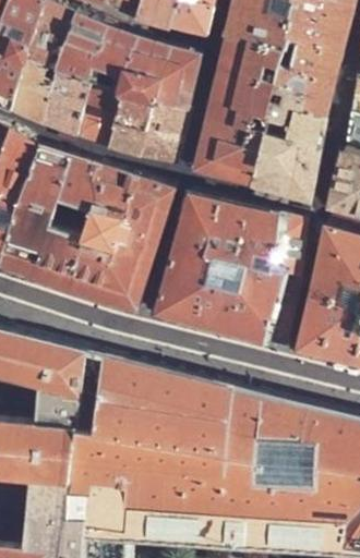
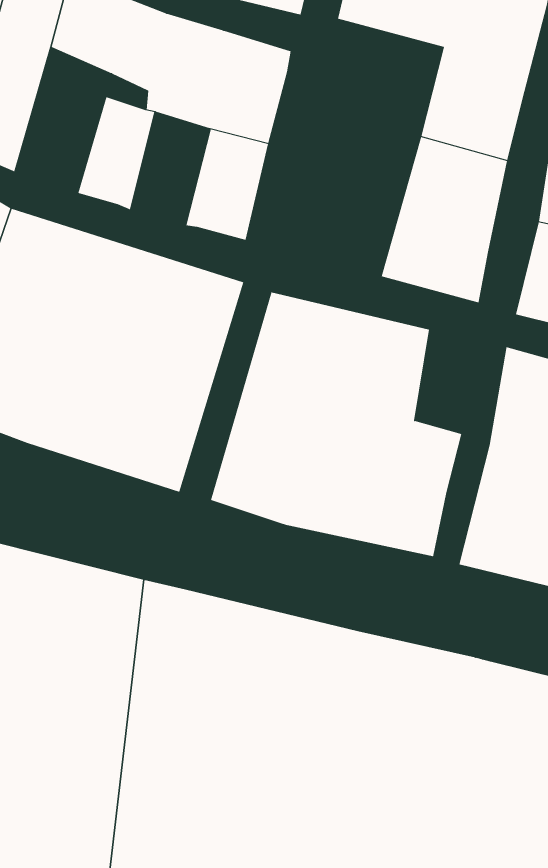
building: [195,37,287,185] -> none
building: [40,53,96,137] -> none
building: [107,90,153,156] -> none
building: [271,216,304,276] -> none

